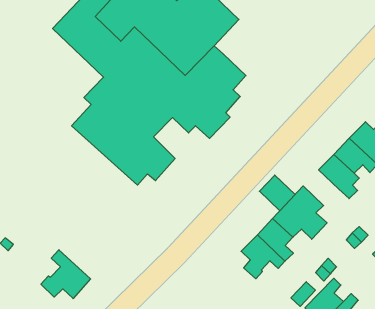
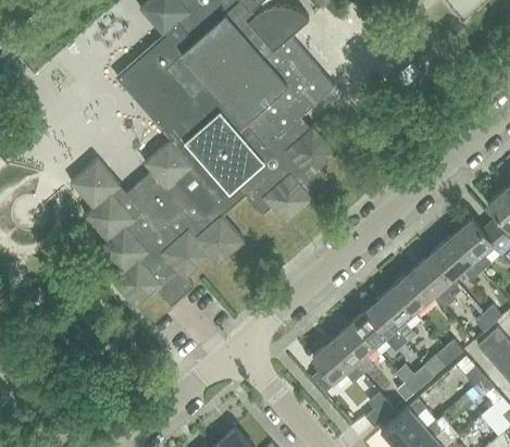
building: none -> [72,159,198,310]
building: [259,175,295,211] -> [391,270,433,312]
building: [41,250,91,299] -> none

